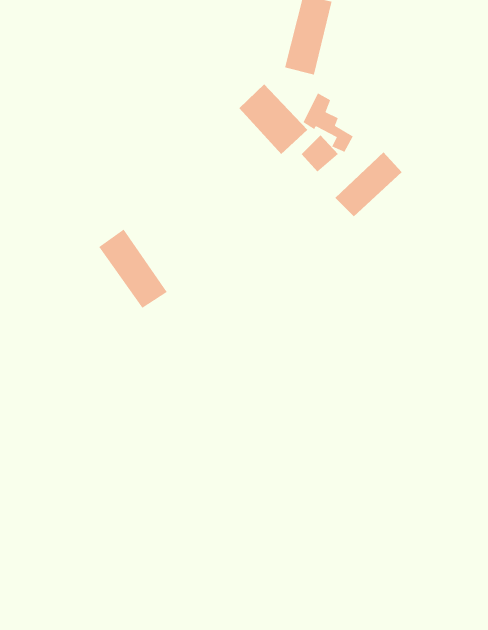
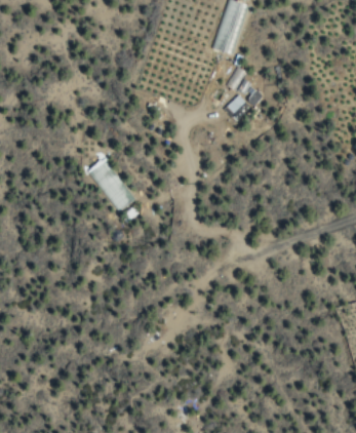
building: [239,83,308,155] -> none
building: [335,152,403,217] -> none

